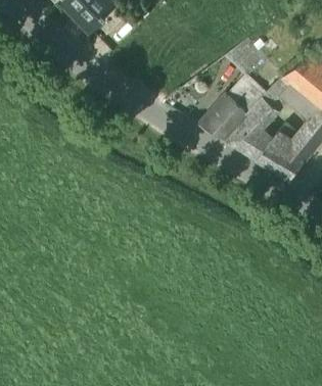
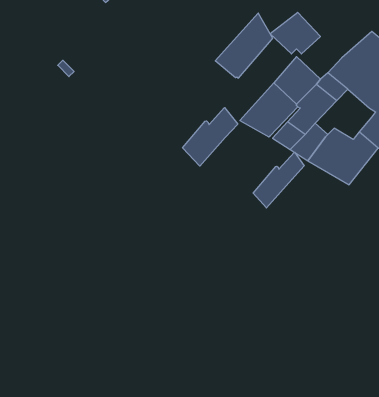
building: none -> [215,13,273,78]
building: none -> [183,108,238,166]
building: none -> [253,152,304,208]

